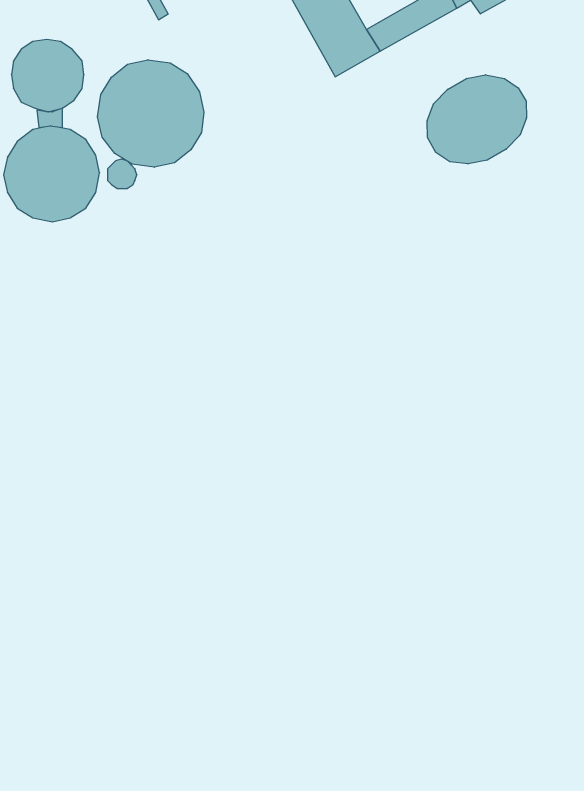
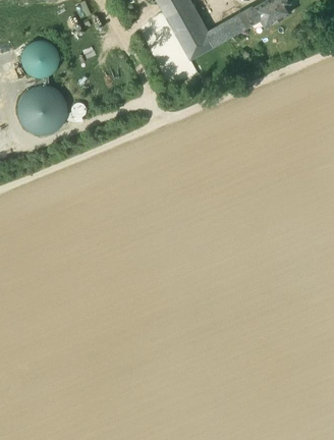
building: [98,60,204,167] -> none
building: [427,75,526,164] -> none

